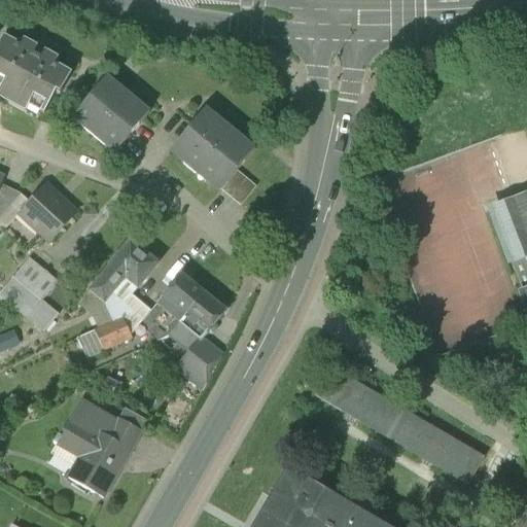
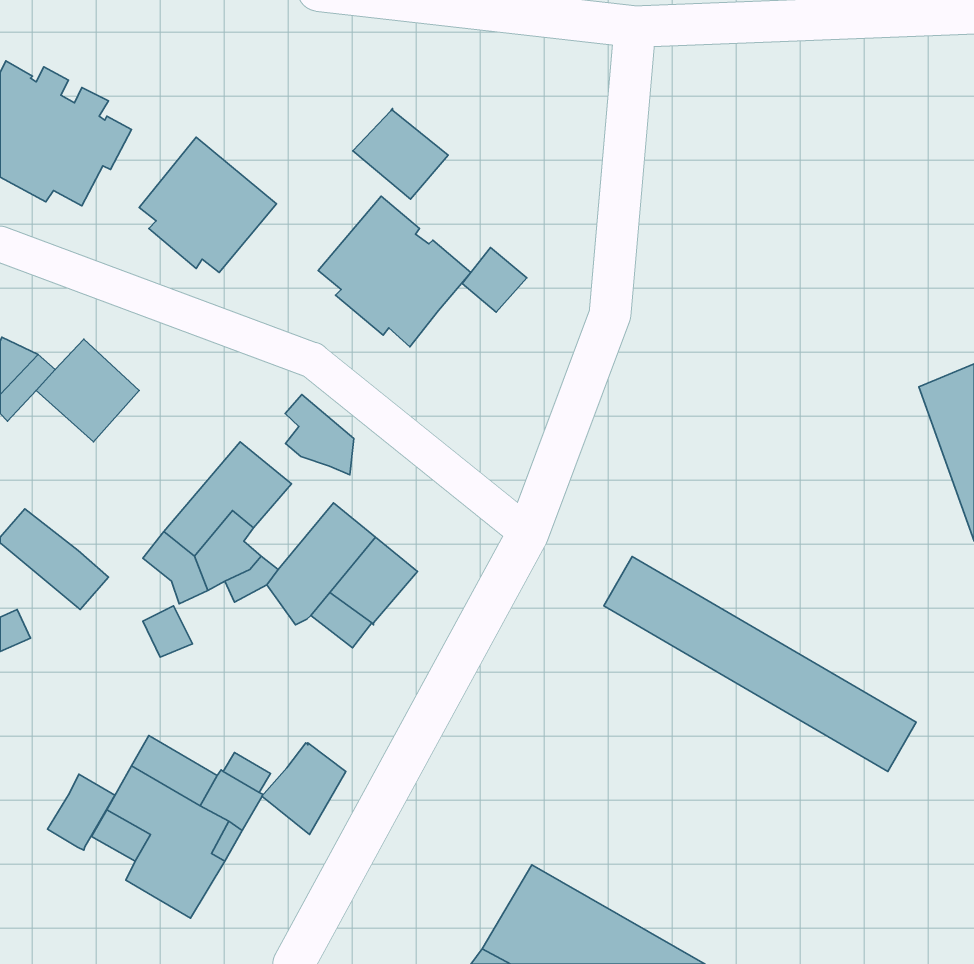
building: none -> [353,108,448,199]
building: [221,168,256,203] -> [462,247,527,312]
building: none -> [285,394,354,475]
building: [13,255,58,297] -> none
building: [94,314,132,348] -> none
building: [177,337,222,386] -> [262,743,346,834]
building: [315,366,484,483] -> [604,556,916,772]
building: none -> [48,774,115,850]

